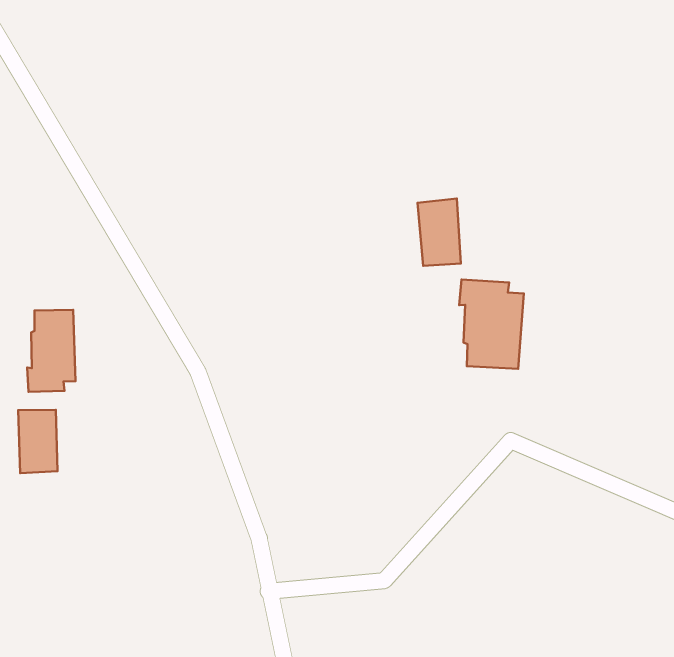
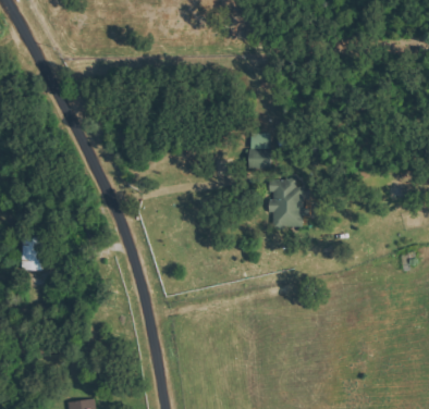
building: [27,310,76,392] -> none

